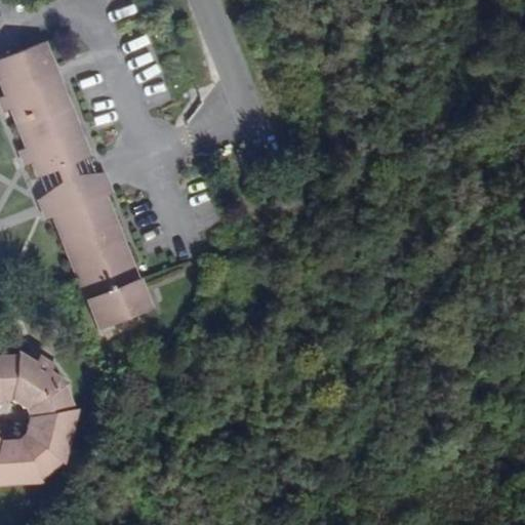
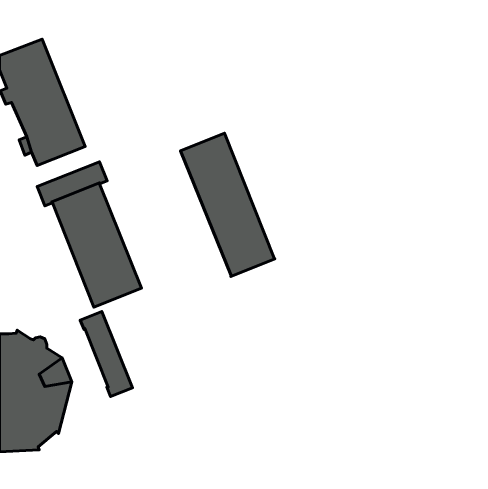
building: none -> [181,133,275,277]
building: none -> [80,311,132,396]

